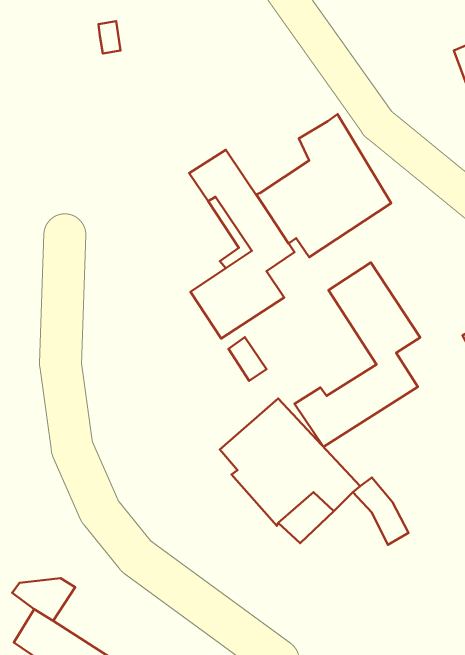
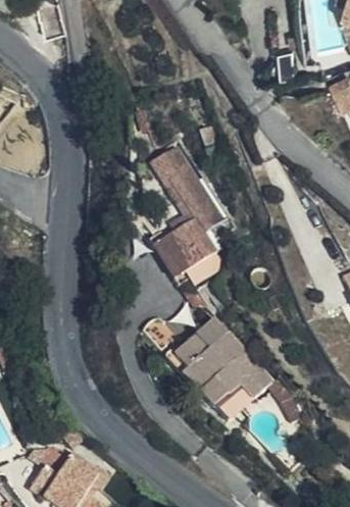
building: [256,114,391,257] -> none
building: [295,262,420,447] -> none
building: none -> [57,451,112,493]

